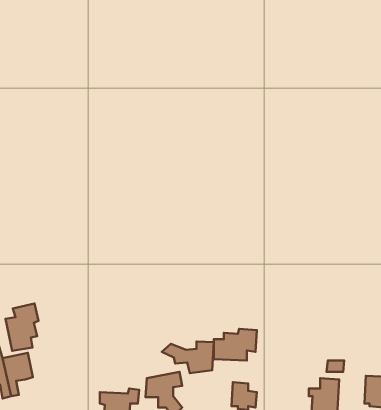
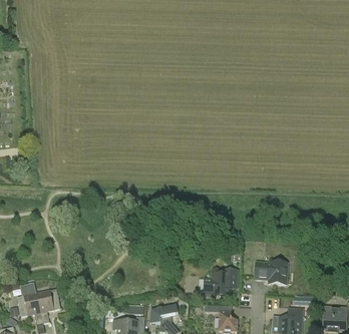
building: [5,304,39,351] -> none
building: none -> [255,261,288,284]
building: [162,342,214,373] -> none

